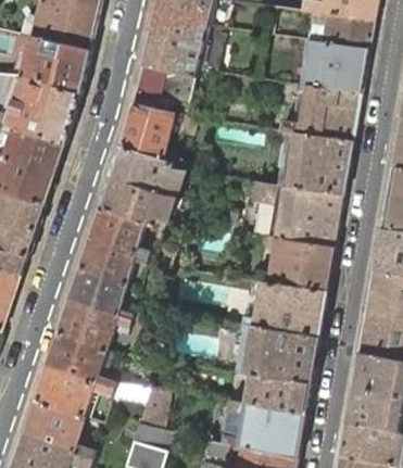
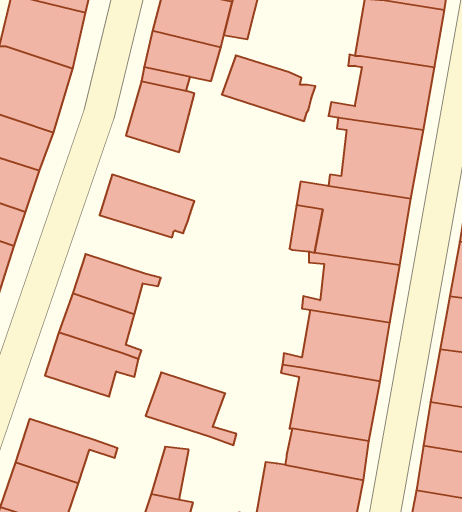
building: [110,146,182,197] -> [222,55,315,121]
building: [89,207,150,256] -> none
building: [46,332,116,389] -> [146,372,236,445]

